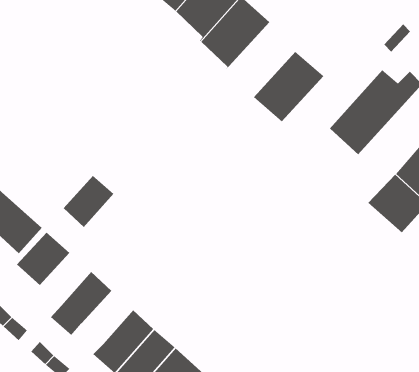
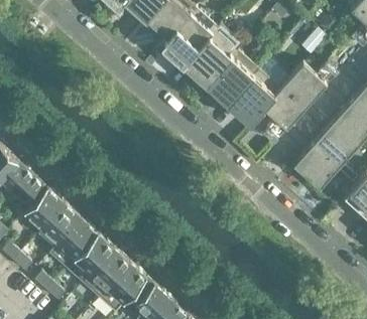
building: none -> [184,28,237,86]
building: none -> [227,63,303,125]
building: [63,175,114,228] -> [41,204,81,245]
building: none -> [66,233,113,282]

